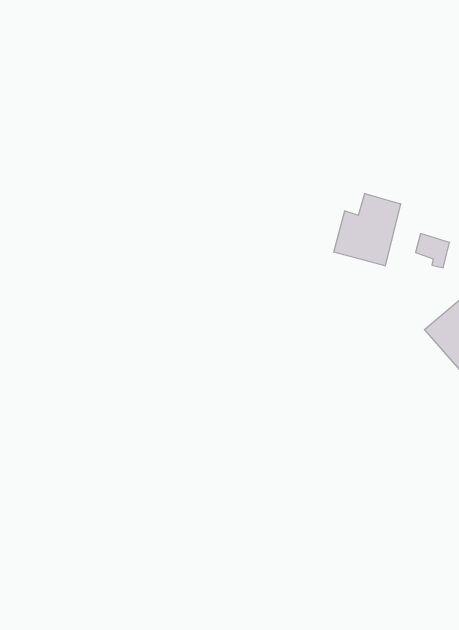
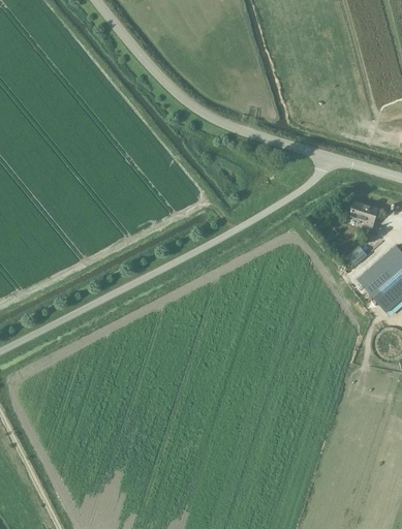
building: [334,193,401,266] -> none

